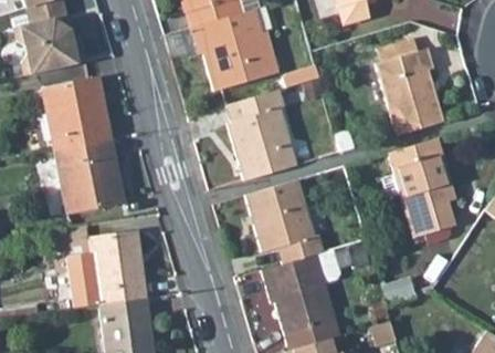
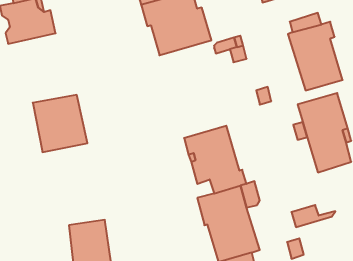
building: [43,79,110,150] -> none
building: [227,90,297,180] -> none
building: [67,232,146,308] -> none

